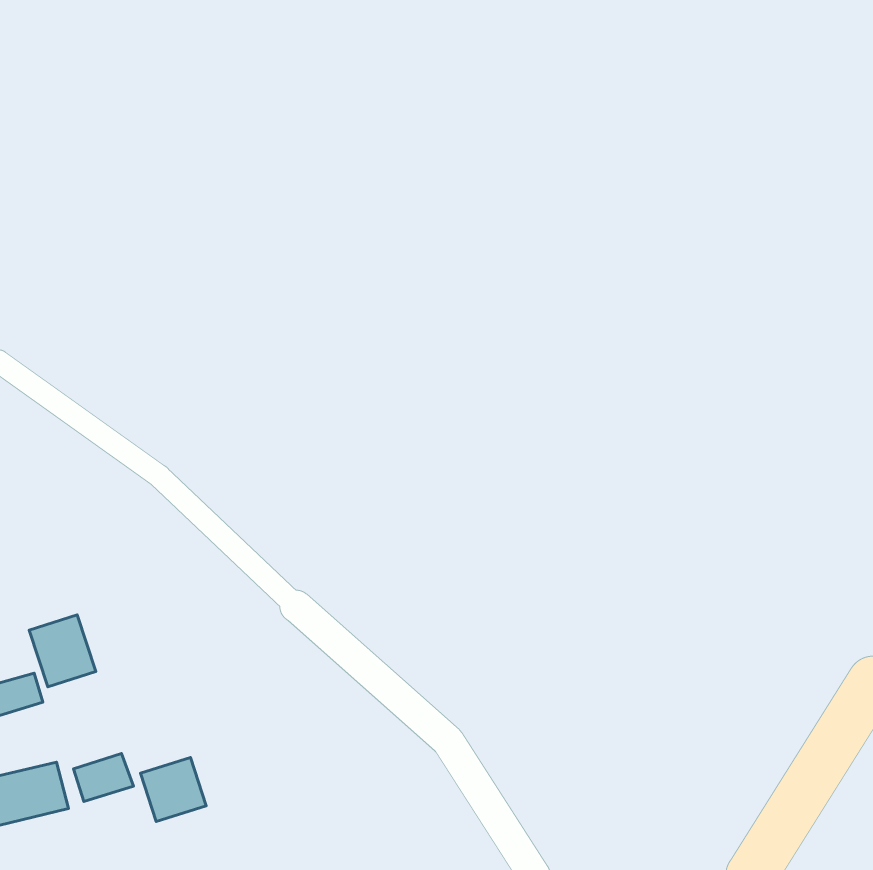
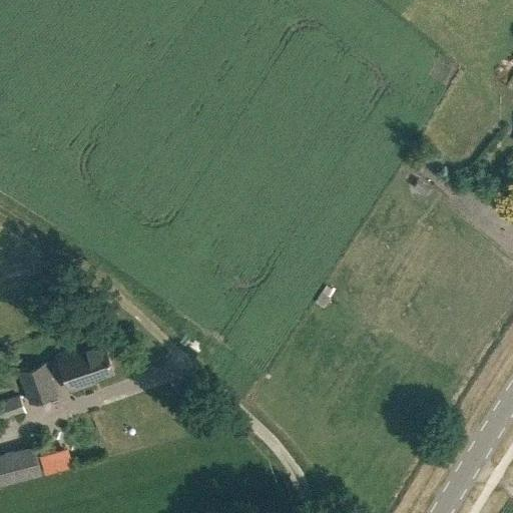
building: none -> [55,341,111,394]
building: [140,758,206,822] -> none

